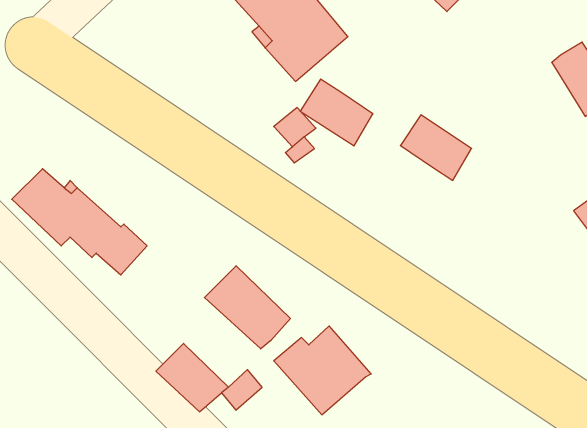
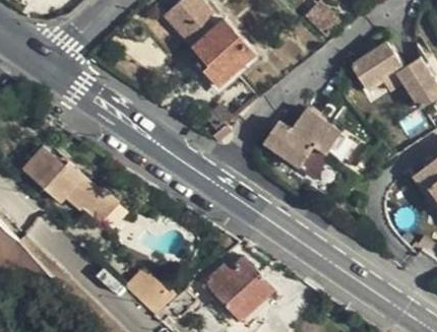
building: none -> [353,43,403,87]
building: [300,79,373,146] -> [264,121,315,168]
building: [204,266,290,349] -> none

